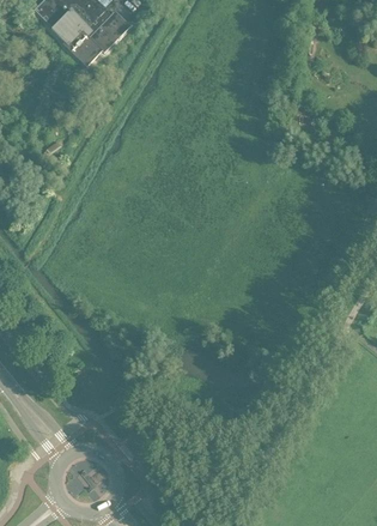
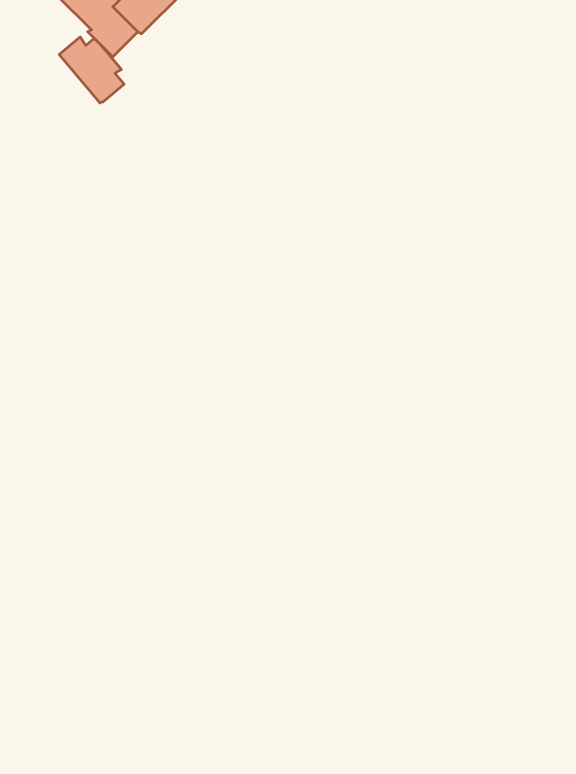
building: none -> [59,37,124,103]

